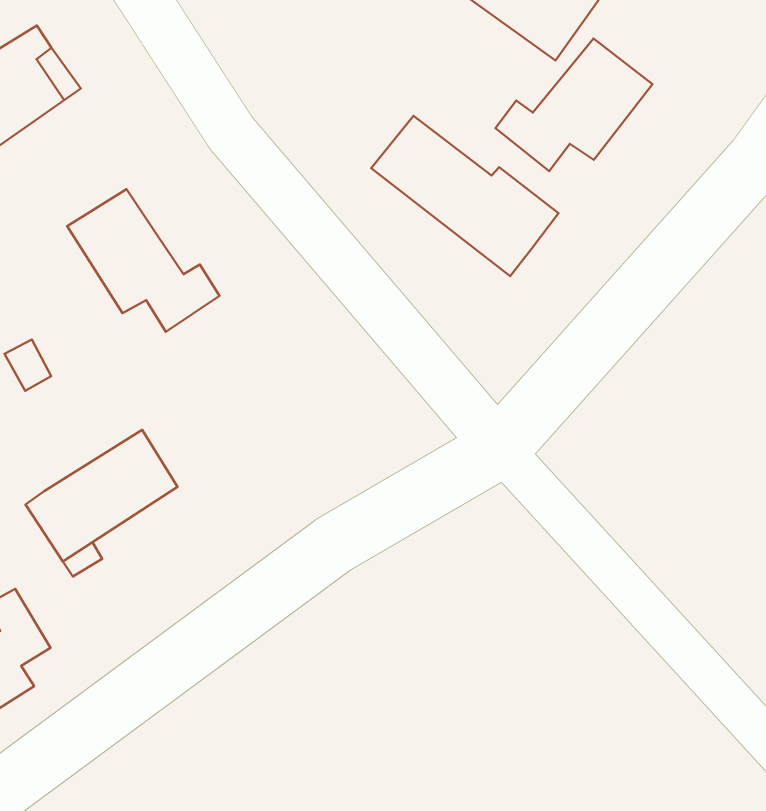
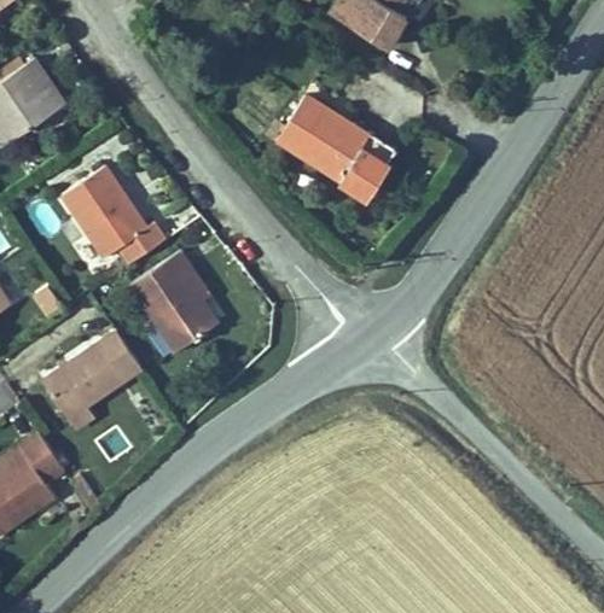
building: [495,39,653,171] -> none
building: none -> [132,243,219,344]

